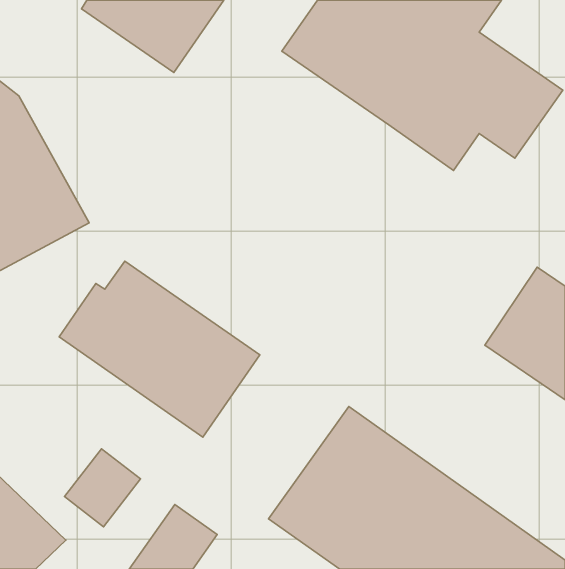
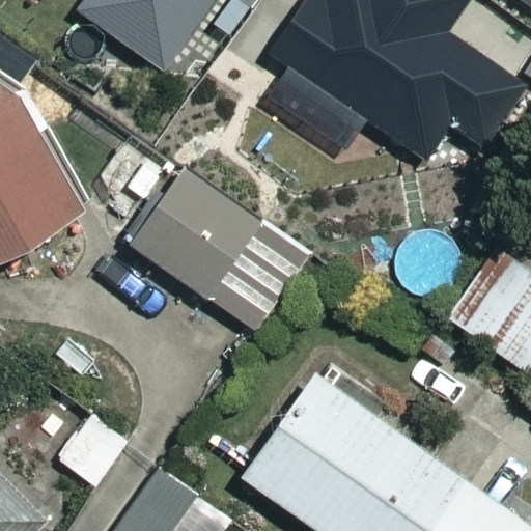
building: [59,261,260,437] -> [118,164,305,328]

